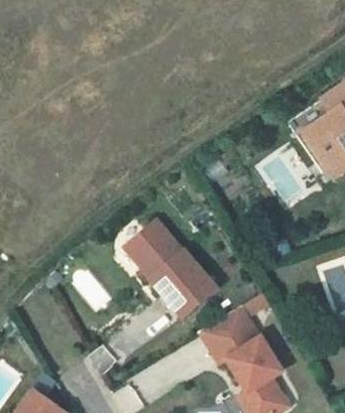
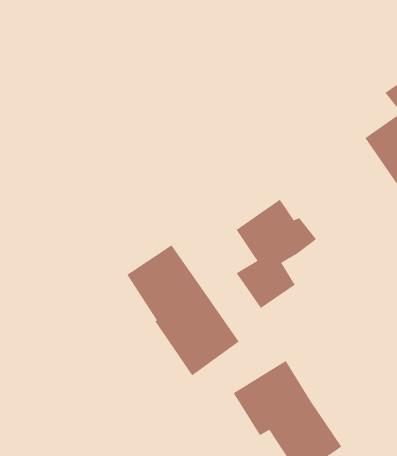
building: none -> [236,199,317,309]

